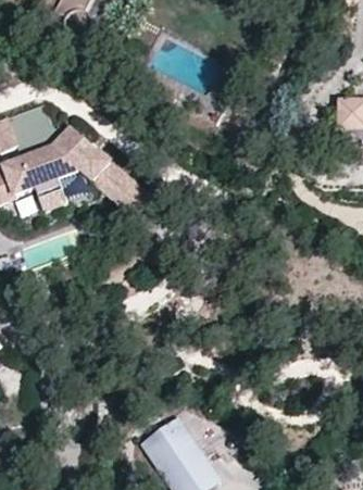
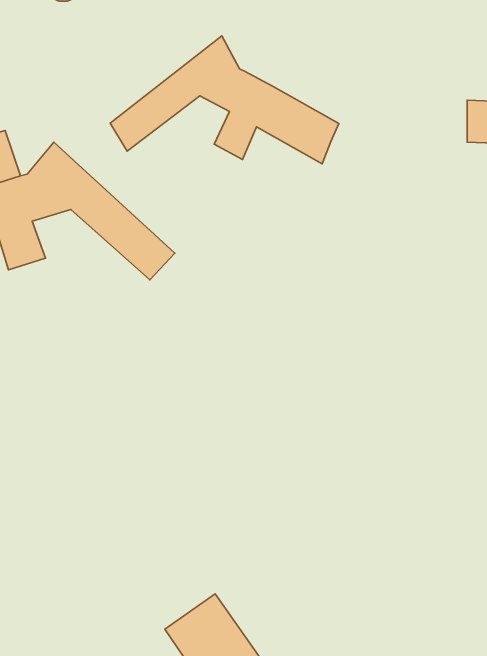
building: none -> [110,36,339,164]

